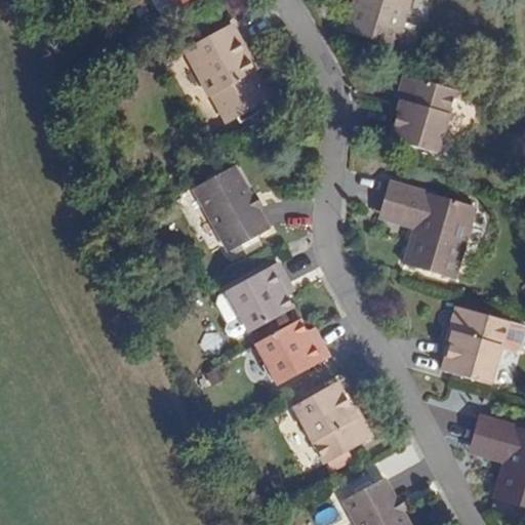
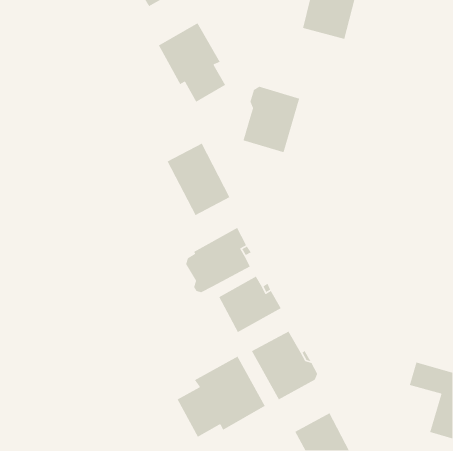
building: [391,73,457,151] -> [242,86,300,153]
building: [382,181,477,279] -> none
building: [441,307,506,382] -> none
building: none -> [177,355,266,438]

